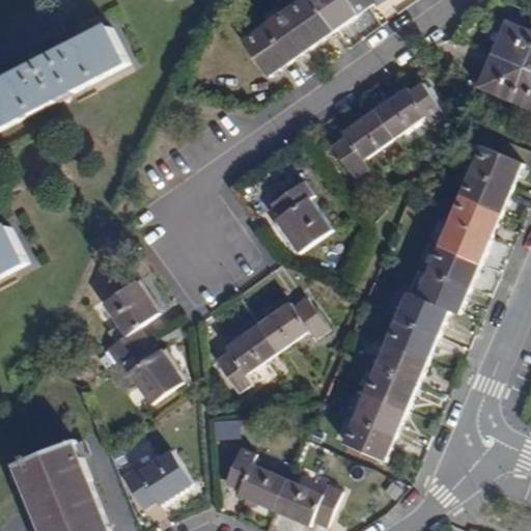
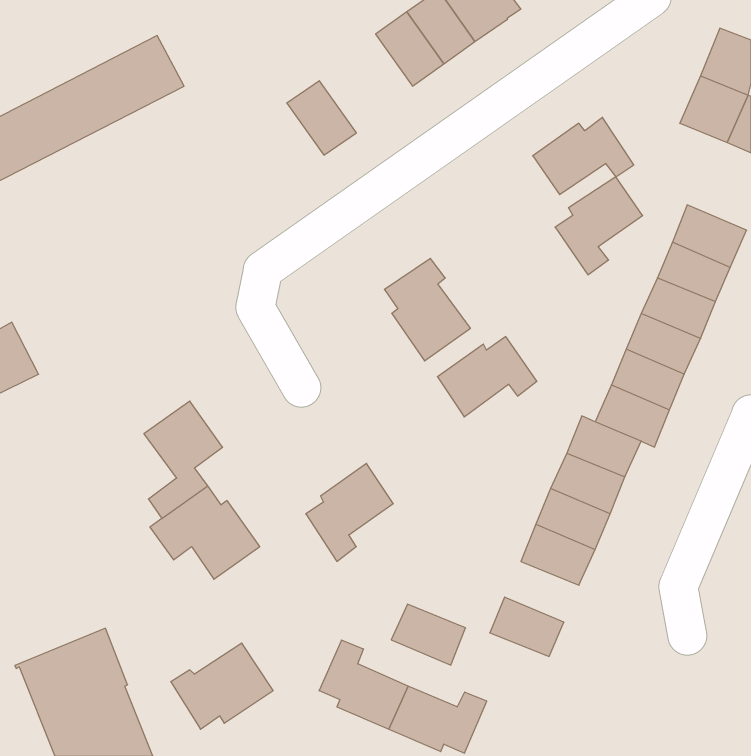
building: [240,24,288,76] -> [287,81,356,155]
building: [330,109,391,177] -> [555,177,643,275]
building: [256,296,326,352] -> [437,337,537,417]
building: [353,392,404,435] -> [391,604,466,665]

